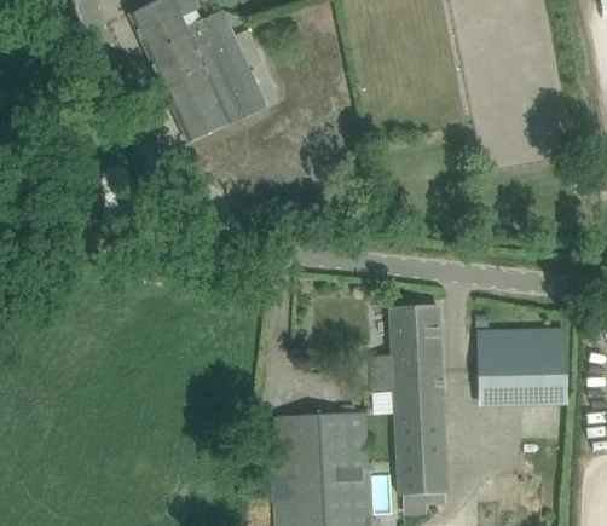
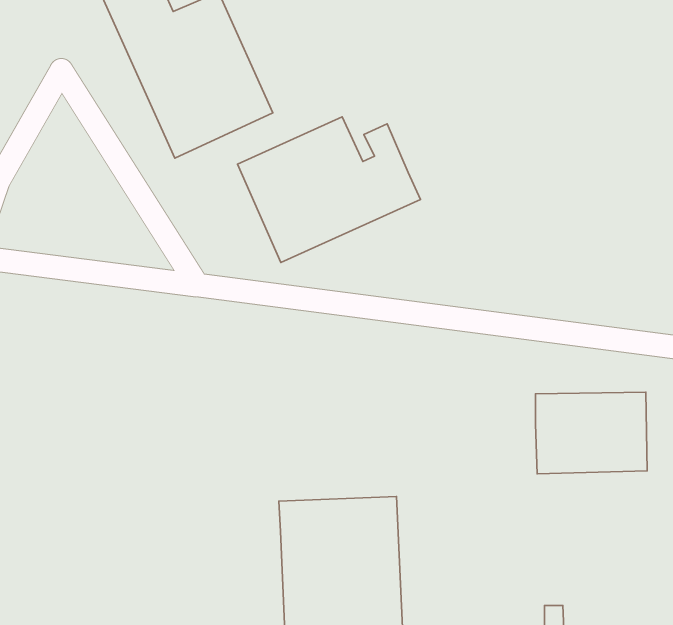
building: none -> [238,117,421,263]
building: [372,306,449,496] -> none

